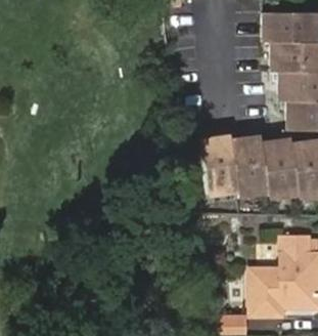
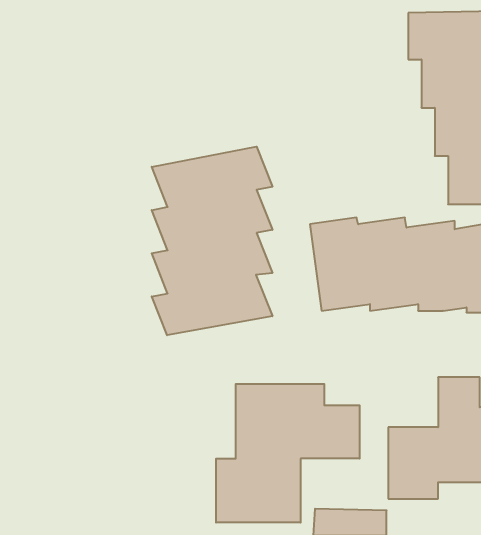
building: none -> [152,147,272,335]
building: none -> [216,384,360,523]

